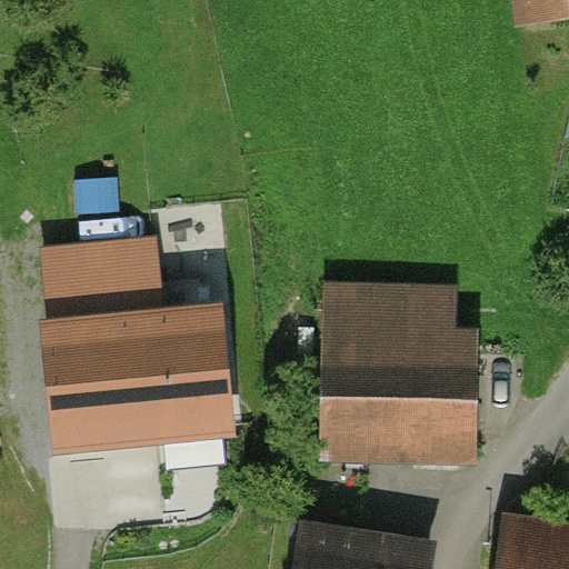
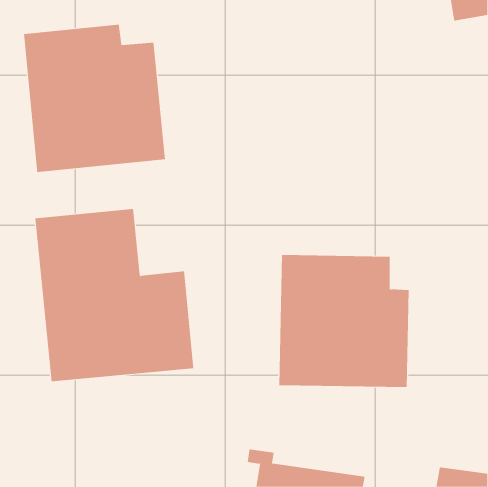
building: none -> [24,24,165,173]

